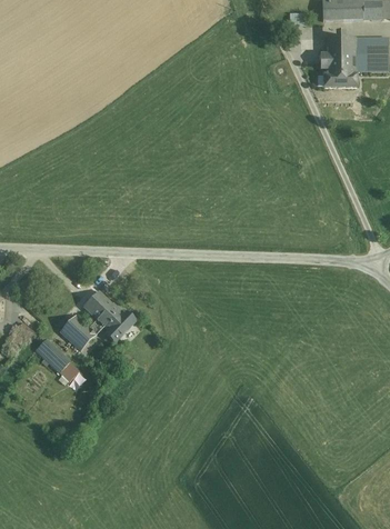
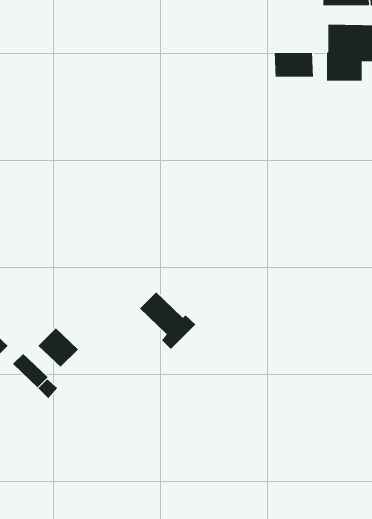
building: none -> [274,52,313,78]
building: [83,290,136,343] -> [139,292,196,350]

